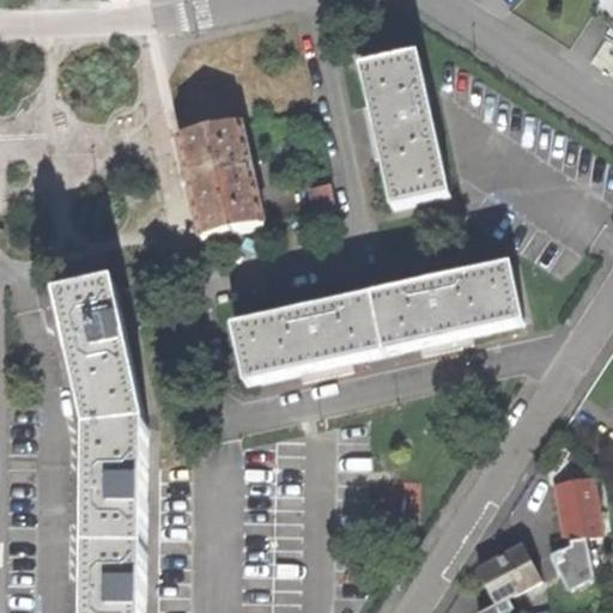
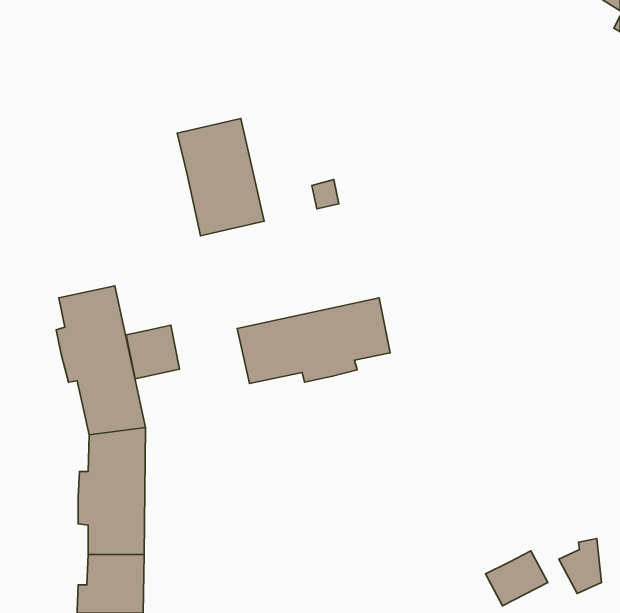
building: [359,50,445,201] -> none
building: [371,262,520,348] -> none
building: none -> [126,325,180,379]
building: [553,471,596,532] -> none

